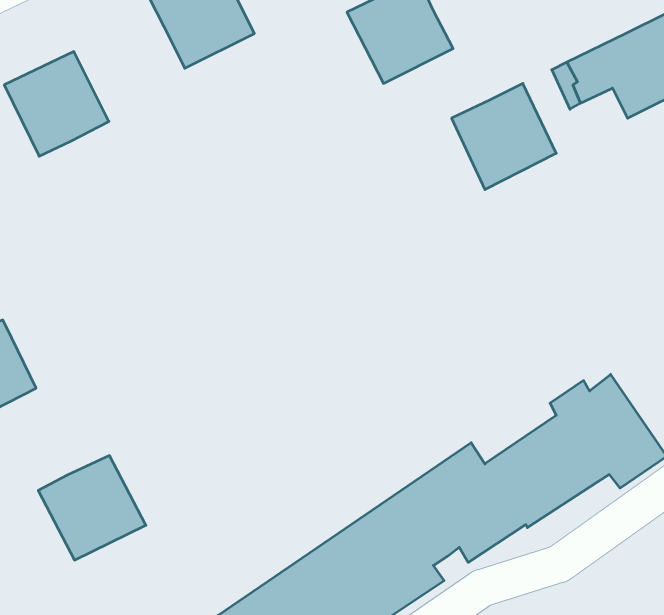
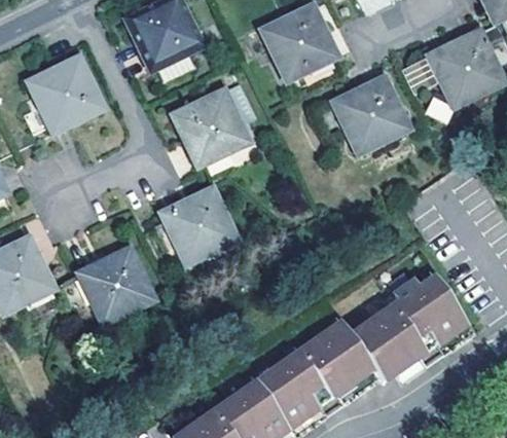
building: none -> [173,88,245,160]
building: none -> [160,187,234,259]
building: [38,456,146,560] -> [78,246,151,317]

